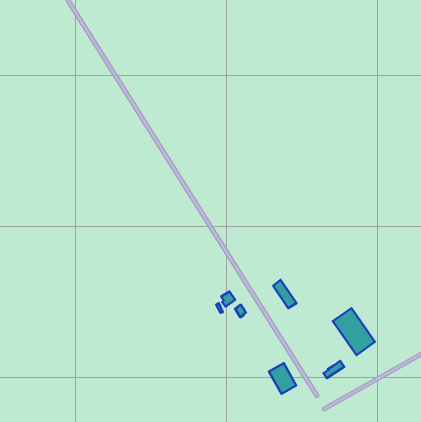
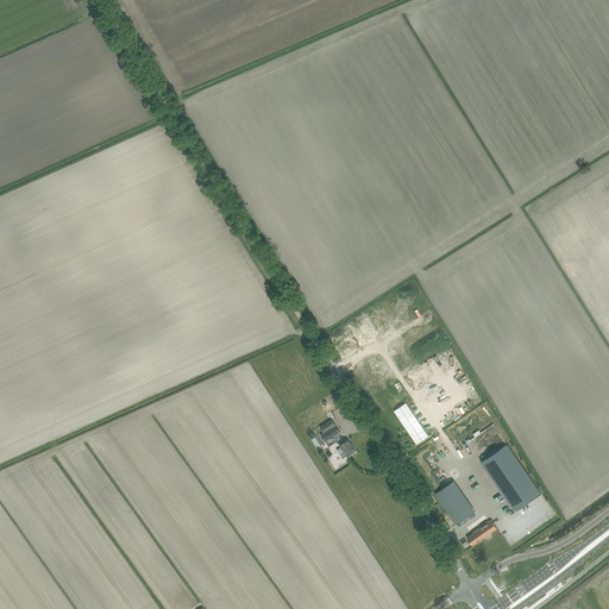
building: [269,363,296,394] -> [437,481,476,525]

